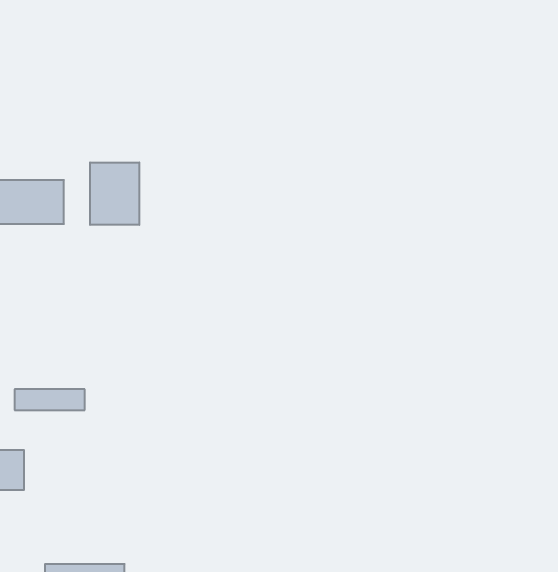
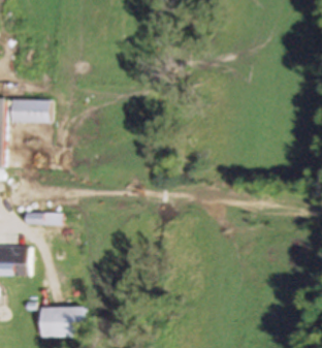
building: [90,162,139,225] -> none

